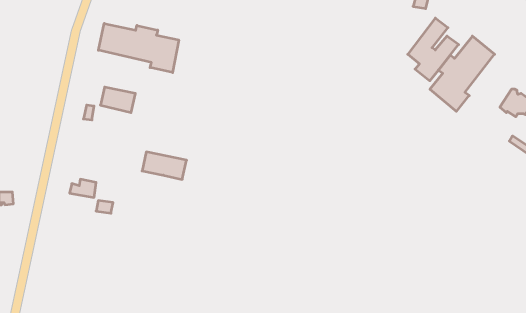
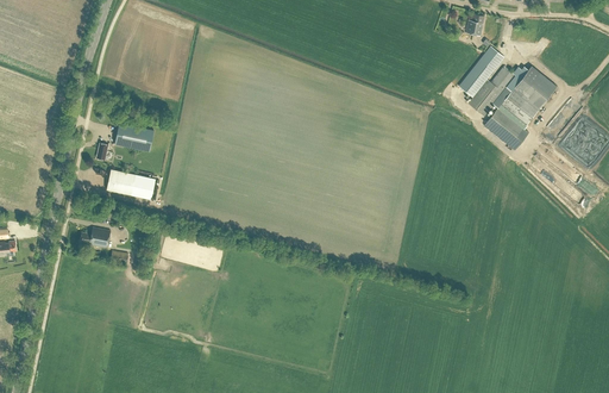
building: [98,23,179,73] -> none
building: [142,152,187,179] -> [106,168,156,199]

